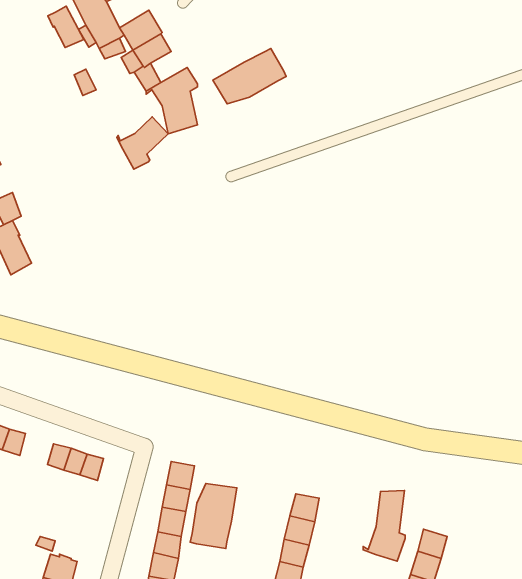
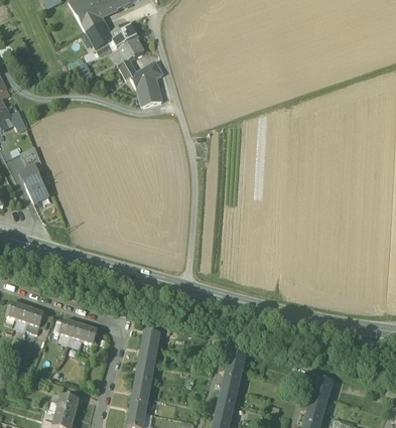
building: [48,6,84,48] -> none
building: [213,48,286,104] -> none
building: [117,117,168,169] -> none
building: [190,483,237,549] -> none
building: [363,490,405,561] -> none

